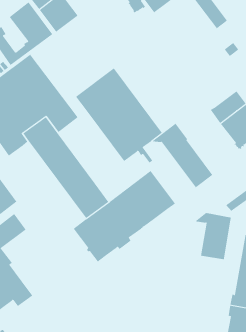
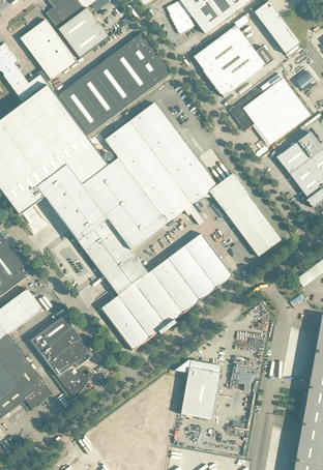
building: none -> [194,25,273,96]
building: none -> [58,33,171,135]
building: none -> [229,74,311,145]
building: none -> [83,157,167,249]
building: [195,213,232,260] -> [174,359,222,419]
building: none -> [31,315,96,398]

